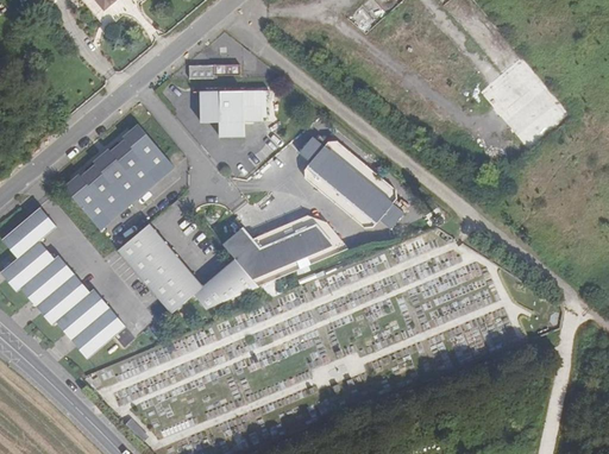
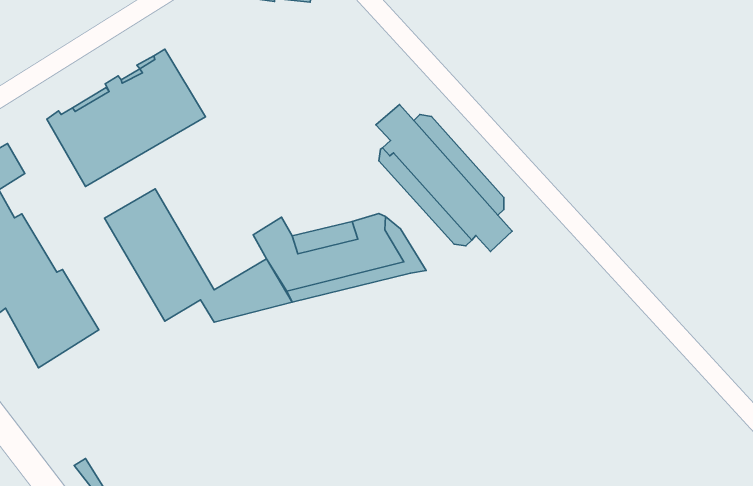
building: [199,90,259,137] -> none

